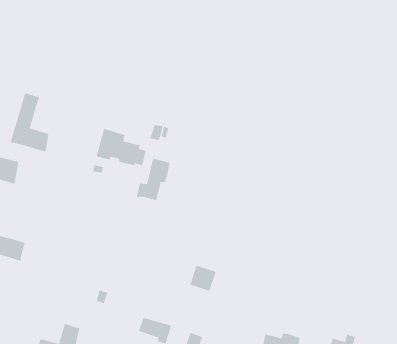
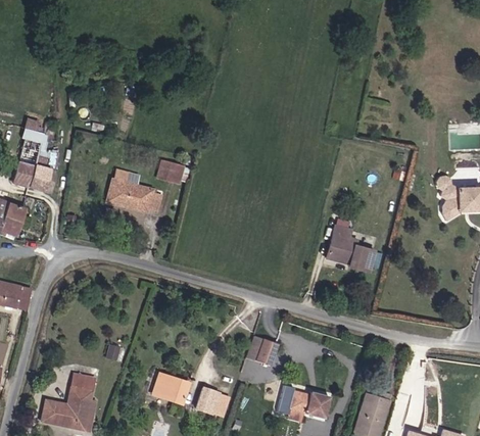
building: [137,158,170,201] -> none
building: none -> [325,223,374,272]
building: [189,265,217,291] -> [248,337,278,366]

